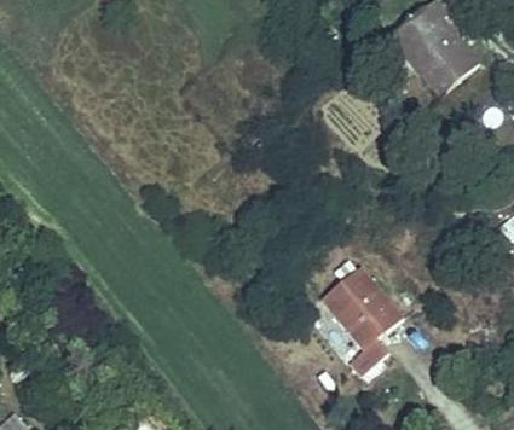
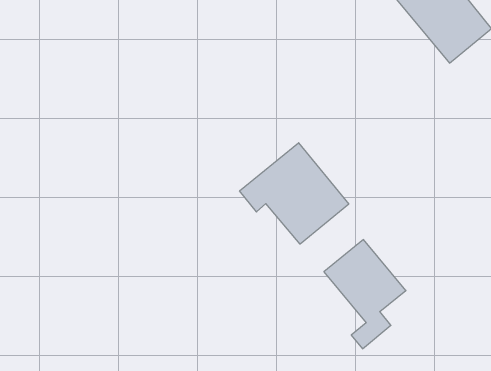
building: none -> [240,143,349,244]

